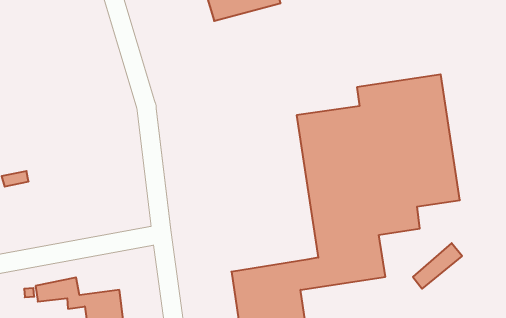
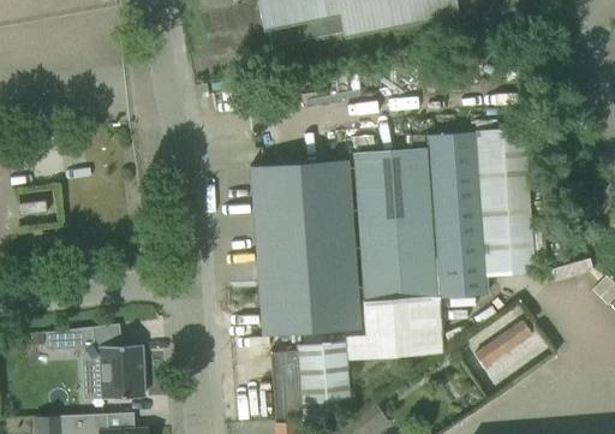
building: none -> [249,159,357,334]

